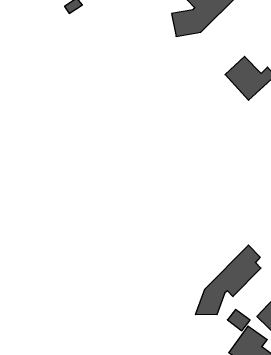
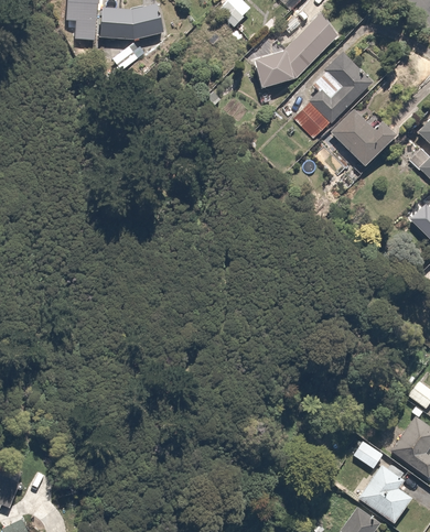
building: none -> [294,50,372,140]
building: [196,245,261,315] -> none

